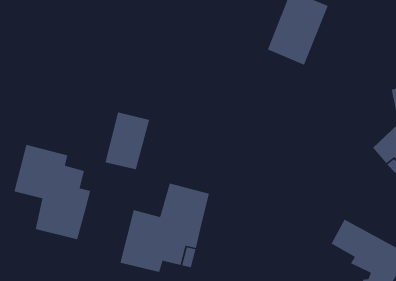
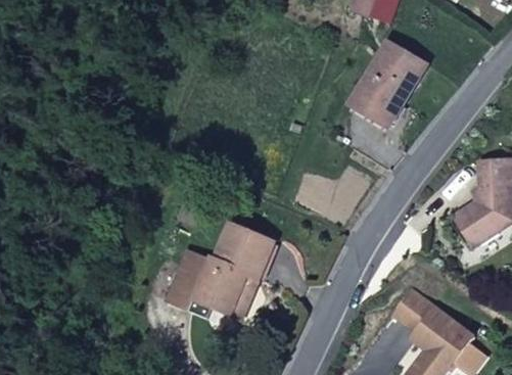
building: [105,111,150,170] -> none
building: [14,144,91,240] -> none

